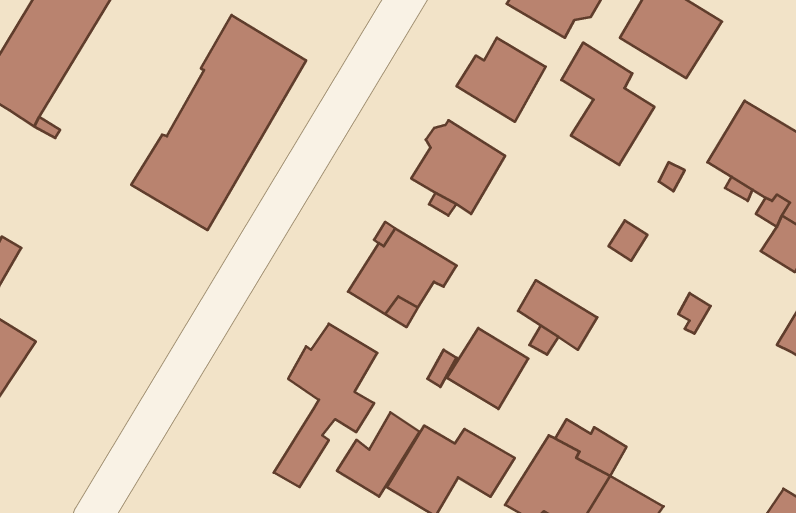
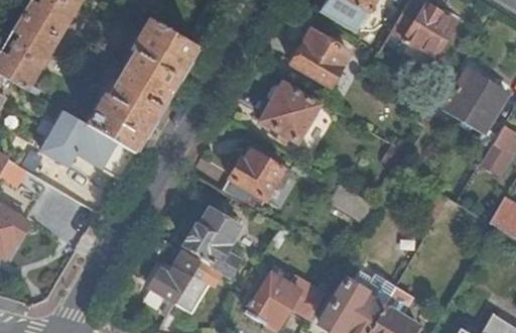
building: [561,43,654,165] -> none
building: none -> [41,110,134,178]
building: [447,328,528,409] -> none
building: [337,412,419,497] -> [149,250,201,303]

